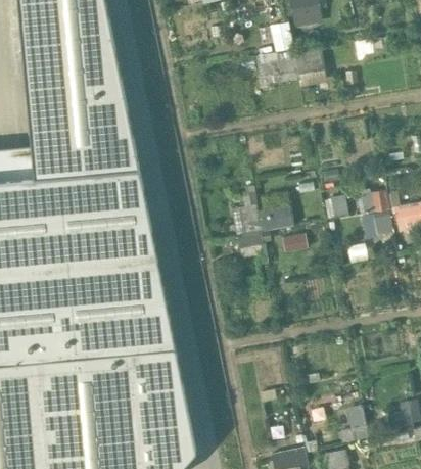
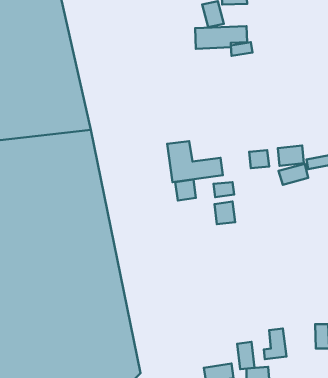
building: none -> [215,202,235,224]
building: none -> [237,342,255,369]

